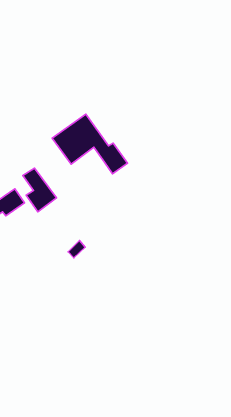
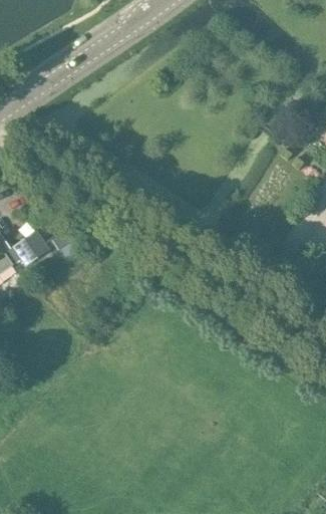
building: [52,114,128,174] -> none

